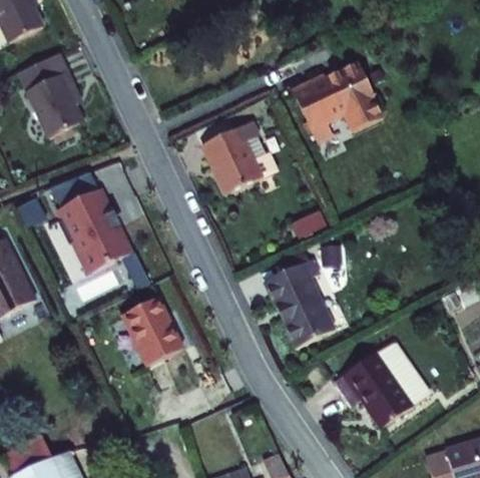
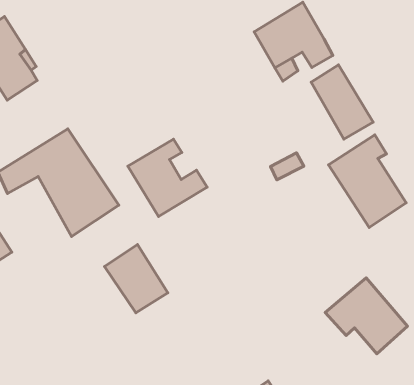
building: [202,129,280,205] -> [128,139,207,217]
building: none -> [311,65,373,139]
building: [265,254,339,346] -> [328,135,406,227]

